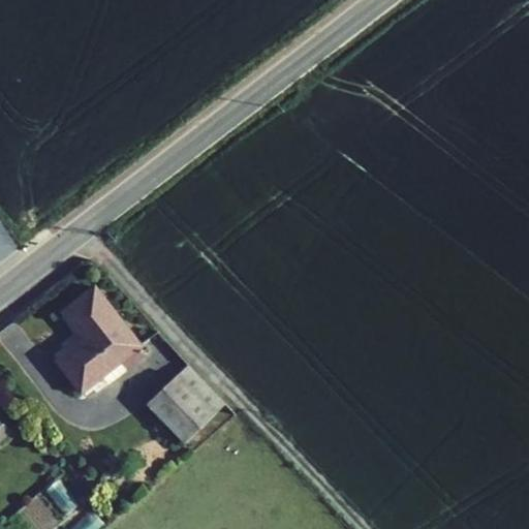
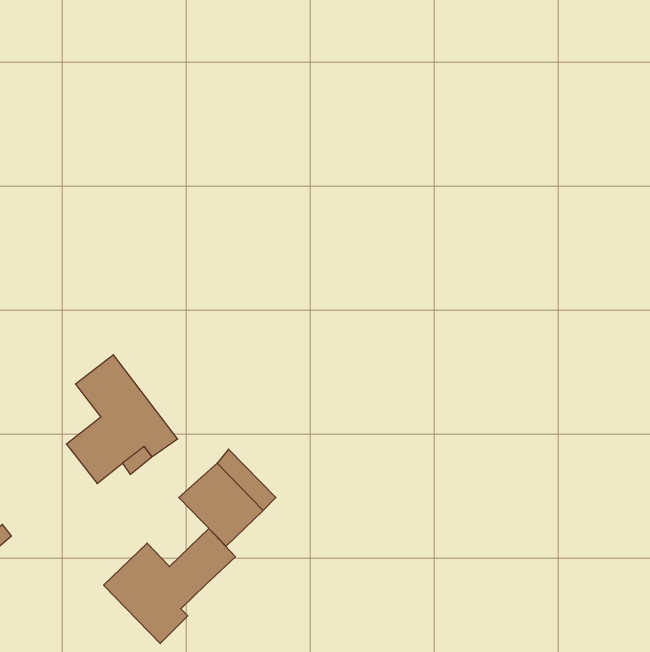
building: none -> [104,529,235,644]

